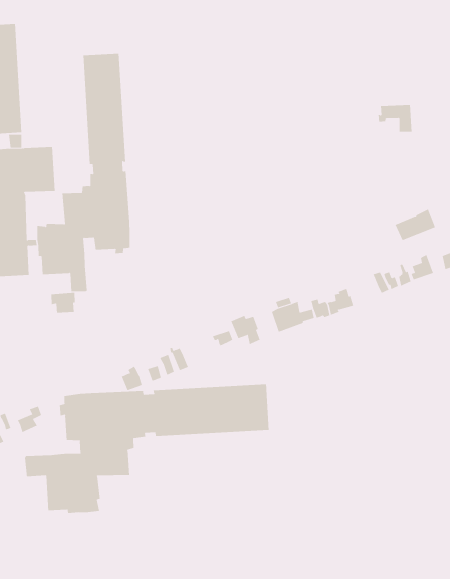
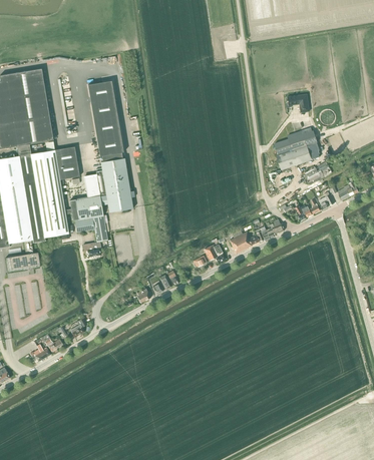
building: none -> [274,129,319,169]
building: [24,384,269,514] -> none

